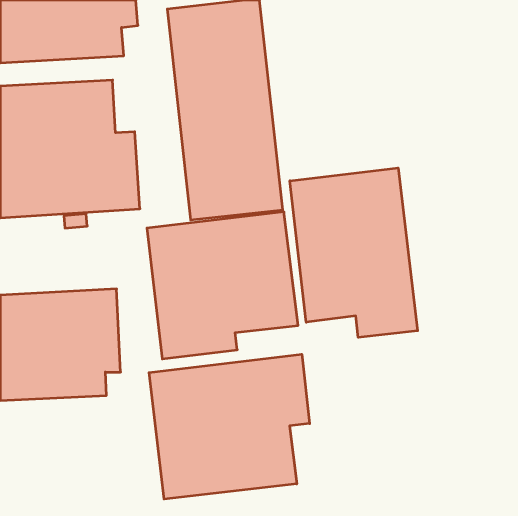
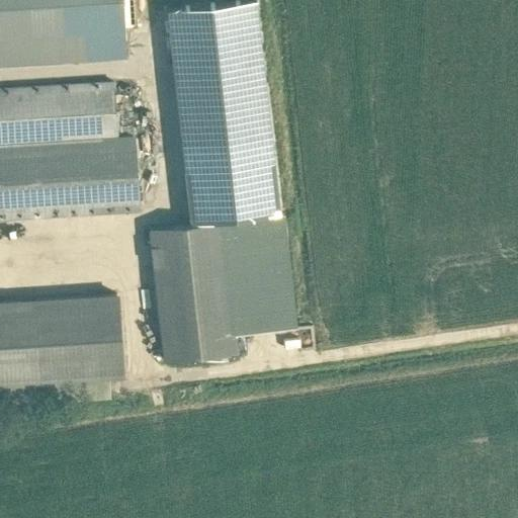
building: [290,168,418,337] -> none
building: [149,354,310,499] -> none

